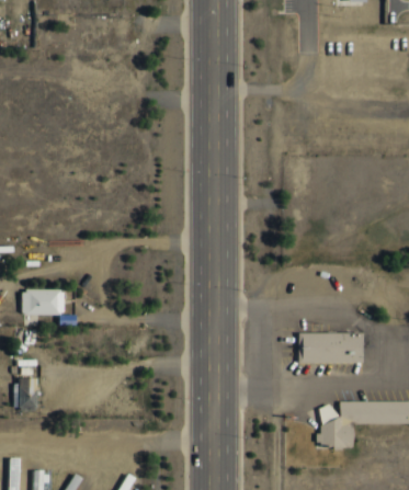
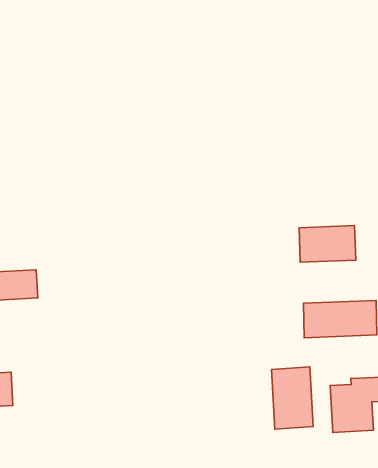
building: none -> [299,226,356,262]
building: none -> [272,367,313,429]

